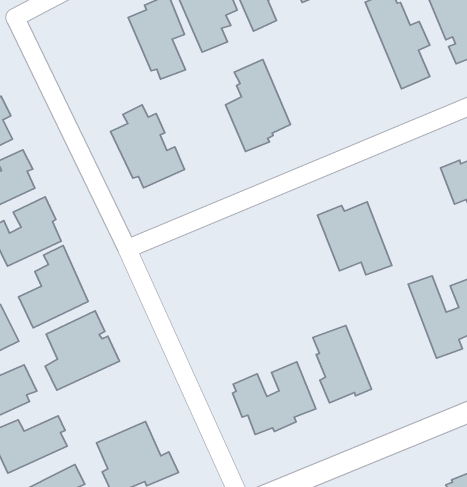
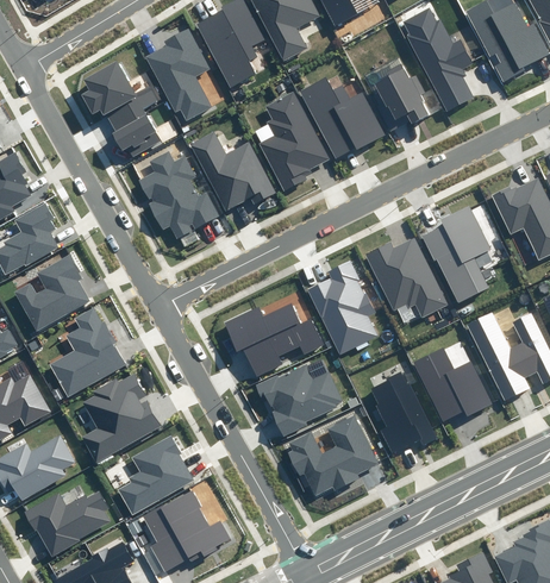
building: none -> [80,61,161,157]
building: none -> [374,61,427,125]
building: none -> [298,77,385,161]
building: none -> [189,130,275,211]
building: none -> [421,205,492,307]
building: none -> [308,262,379,356]
building: none -> [225,303,324,380]
building: none -> [412,347,492,422]
building: none -> [258,364,343,437]
building: none -> [119,437,194,513]

